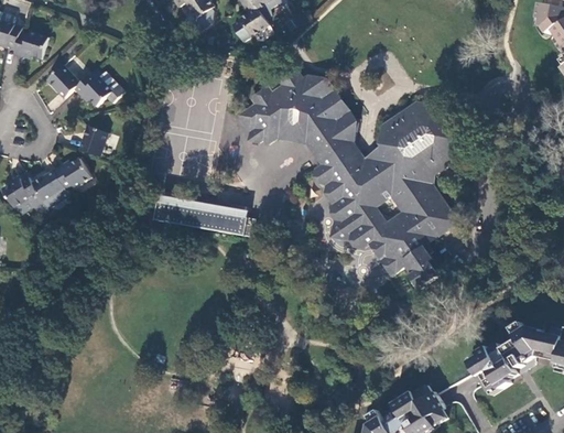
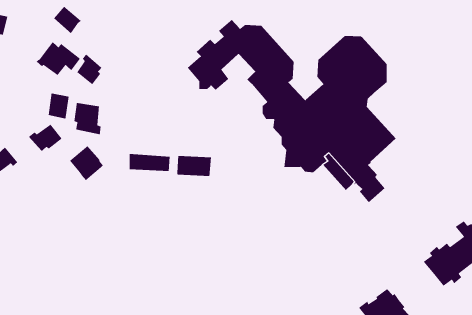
building: [46,67,77,99] -> [53,6,82,34]
building: none -> [76,54,103,85]
building: [276,108,312,142] -> none
building: none -> [74,102,101,135]
building: [33,170,70,208] -> [69,145,104,181]

